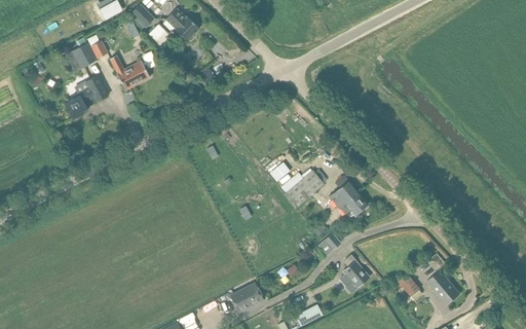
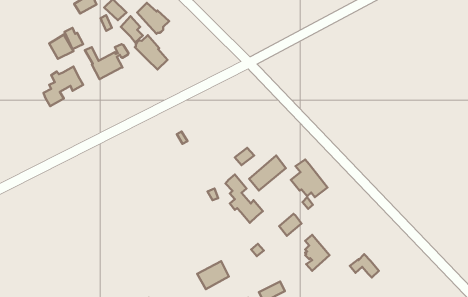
building: none -> [135,35,167,69]
building: none -> [226,175,263,223]
building: [425,253,459,305] -> none

